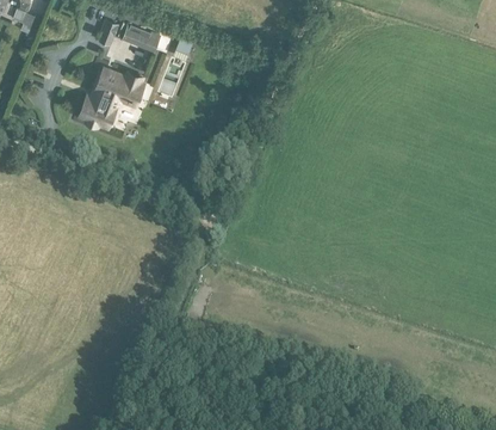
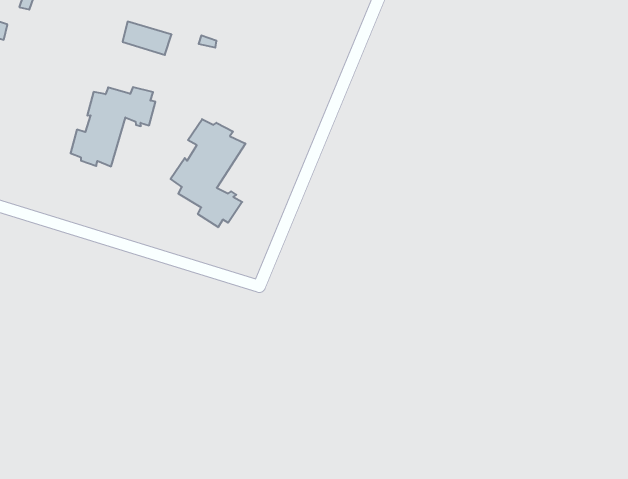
building: none -> [171,119,245,227]

